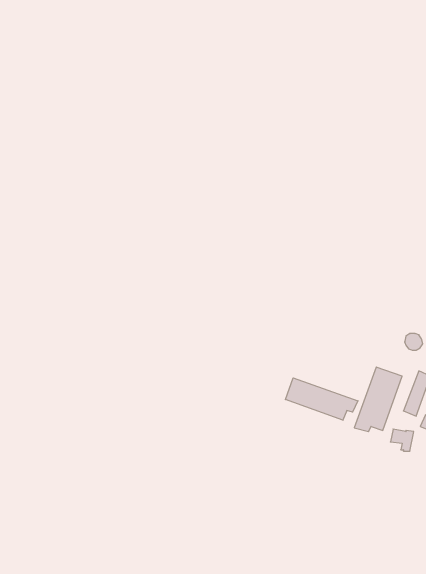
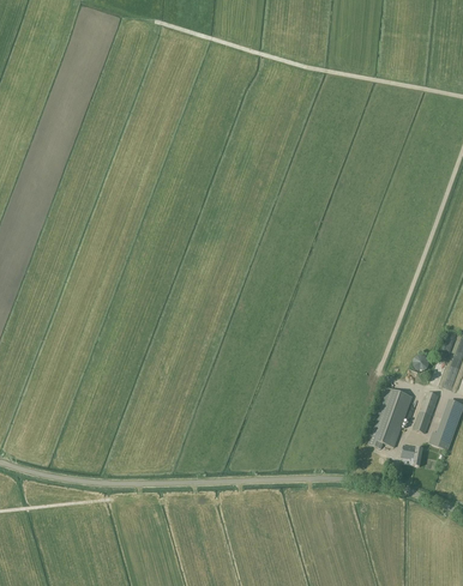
building: [285,378,358,420] -> none

